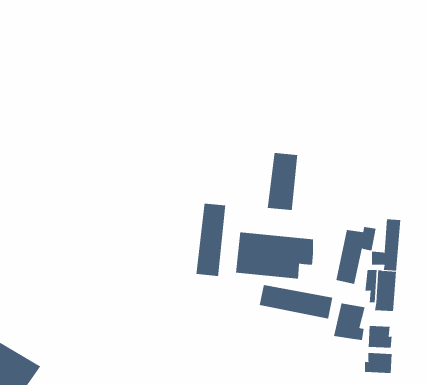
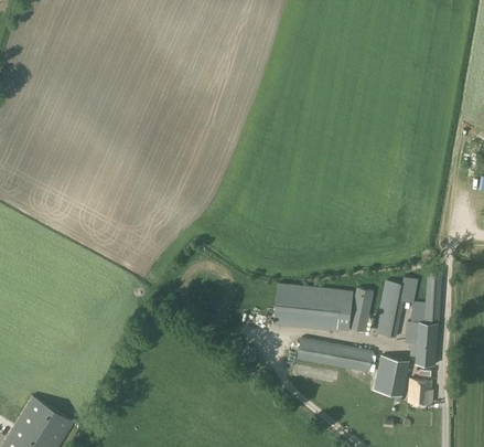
building: [267,152,298,211] -> none
building: [196,203,226,277] -> none
building: none -> [348,288,375,331]
building: [364,352,392,374] -> none

